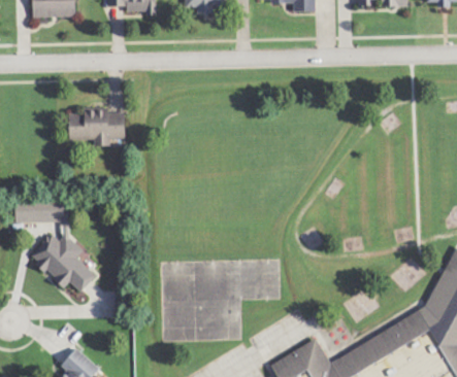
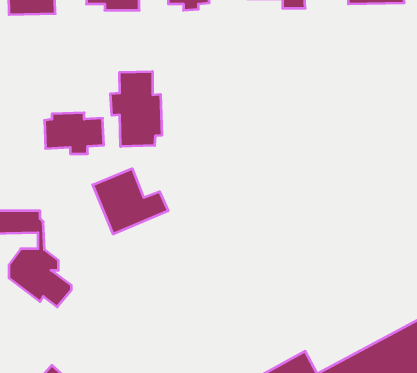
building: none -> [111,71,162,147]
building: none -> [93,169,168,234]

